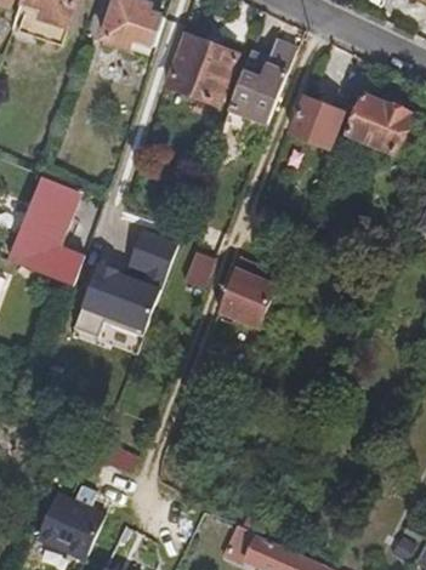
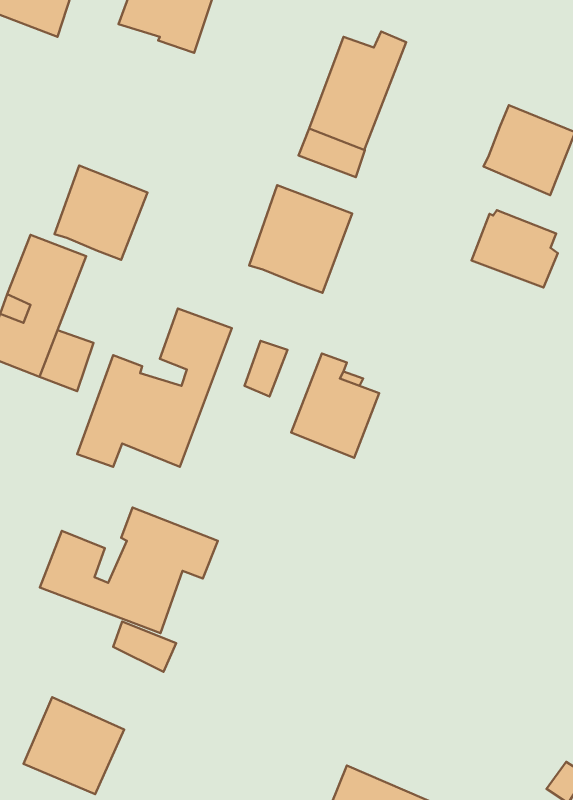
building: [167,34,237,103] -> none
building: [288,96,346,148] -> [472,210,558,287]
building: none -> [54,165,147,260]
building: none -> [249,185,352,293]
building: none -> [40,507,218,633]

